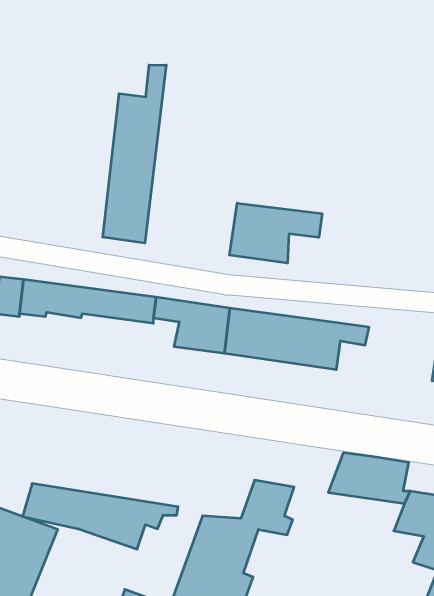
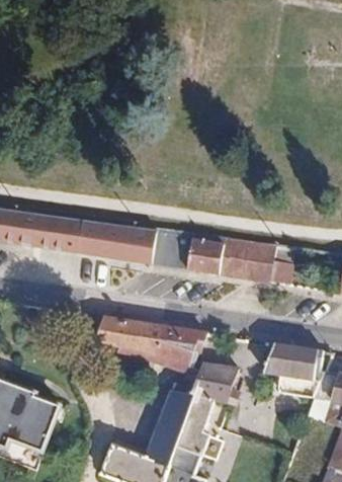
building: [103,65,166,243] -> none
building: [229,203,322,263] -> none
building: [22,484,178,549] -> [97,317,212,366]

